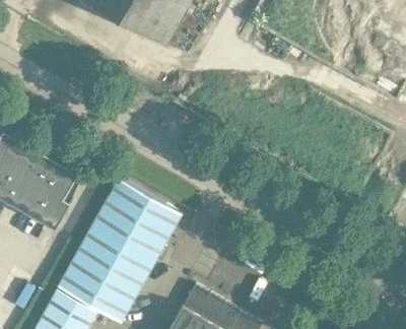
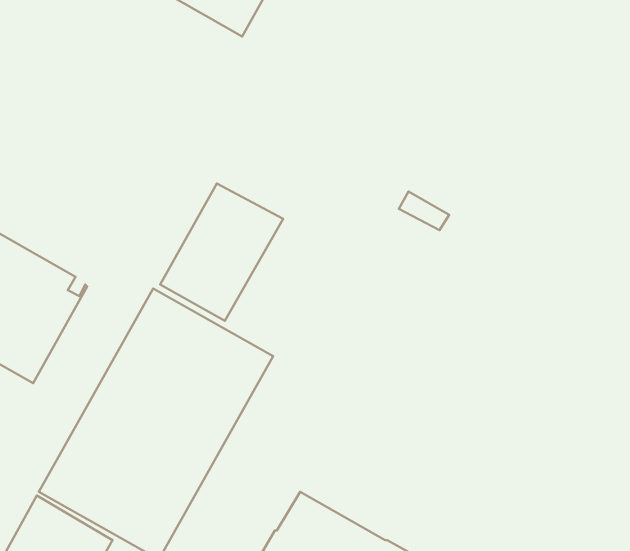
building: none -> [160,184,283,321]

